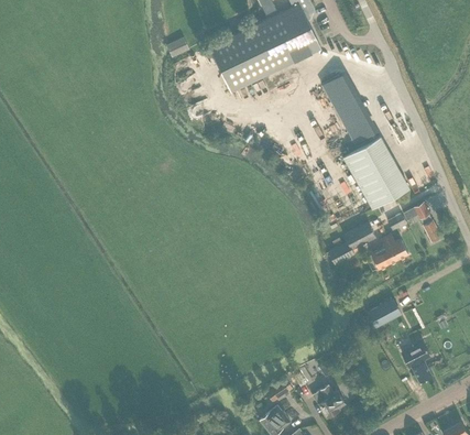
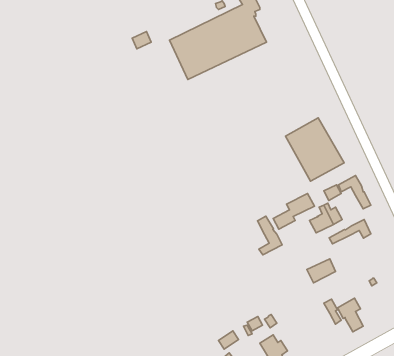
building: [323,73,376,143] -> none
building: none -> [258,216,282,255]
building: none -> [329,219,371,244]

